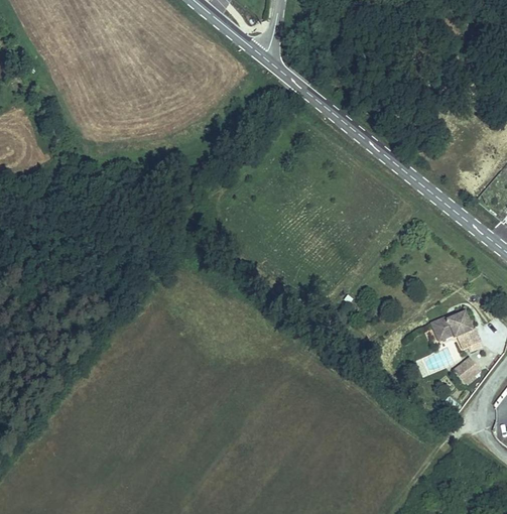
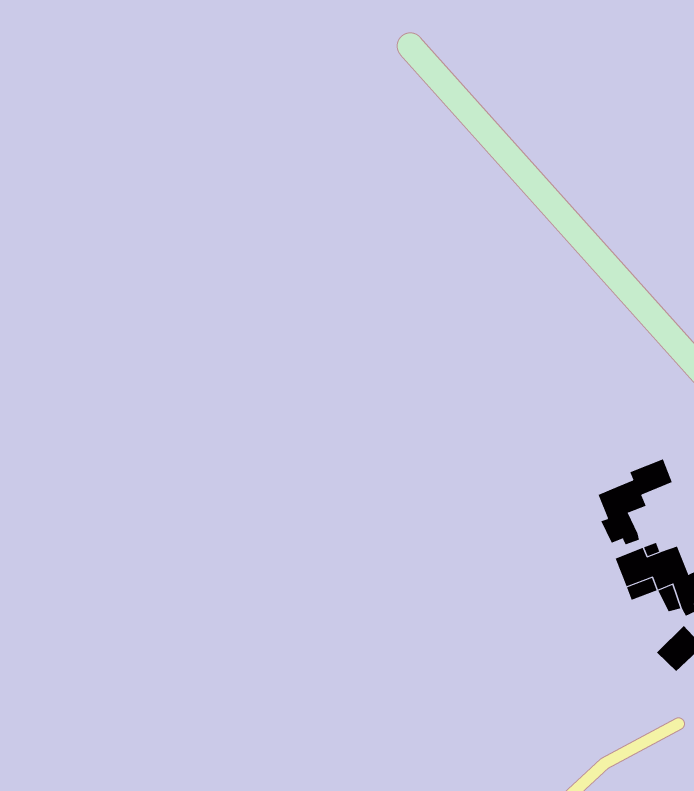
building: none -> [598,458,673,545]

